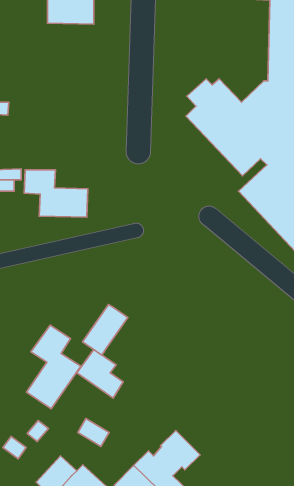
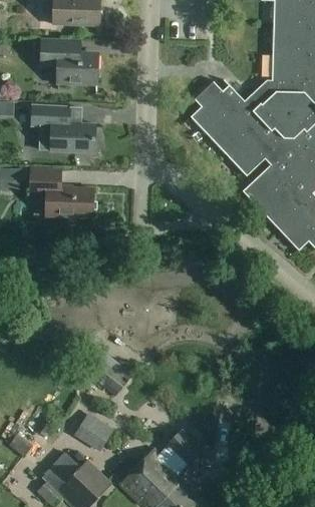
building: none -> [41,38,97,83]
building: none -> [31,105,95,152]
building: [82,304,128,355] -> none
building: [26,325,81,409] -> none

